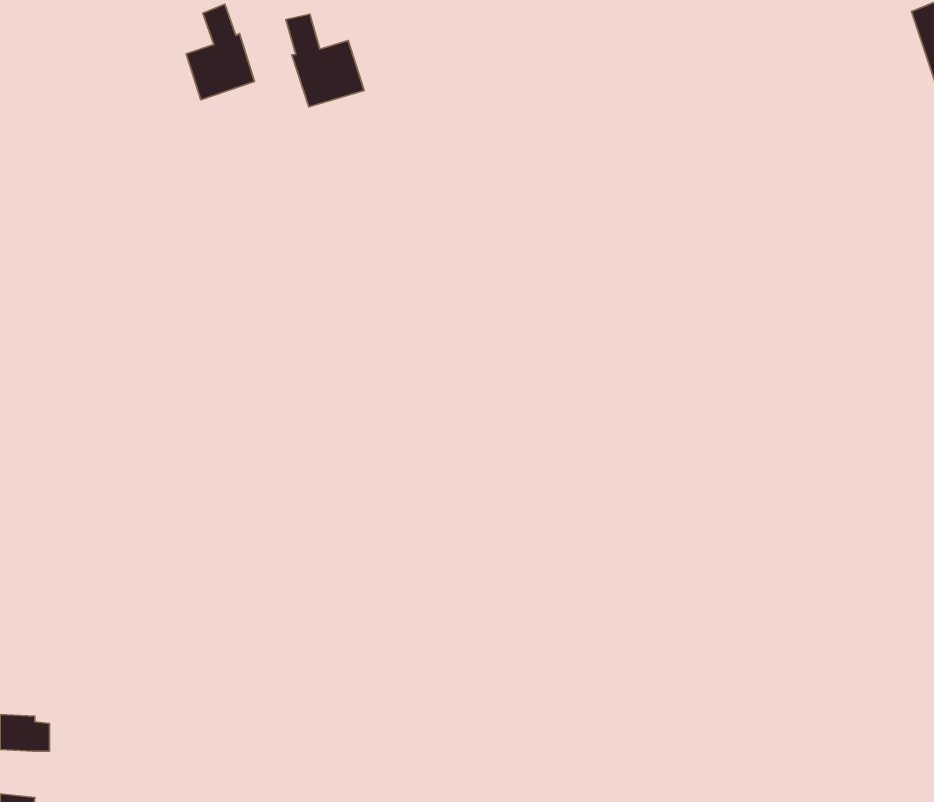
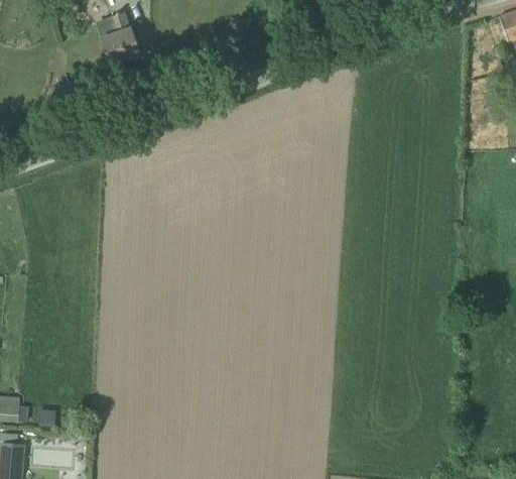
building: [286,14,364,107] -> none

